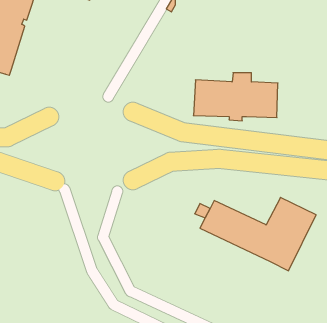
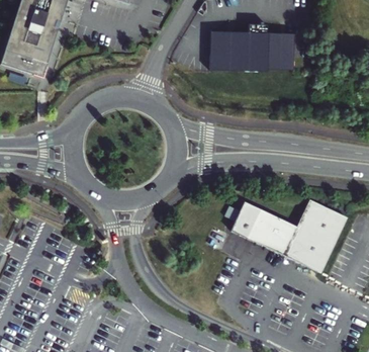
building: [193,73,278,121] -> [205,25,289,73]

